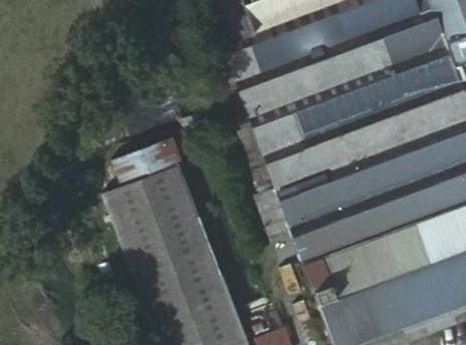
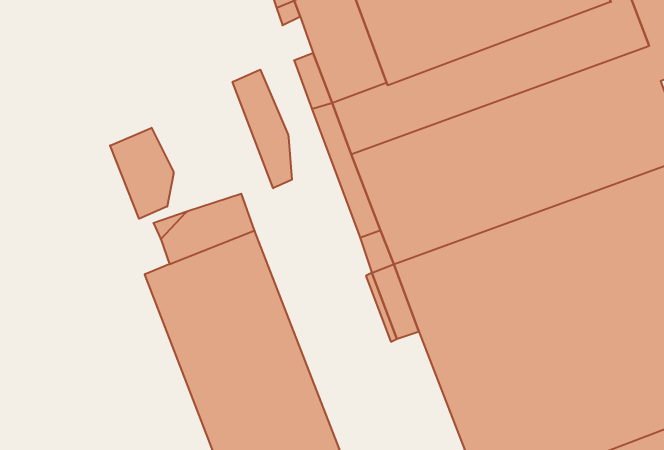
building: none -> [233,70,292,188]
building: none -> [110,128,174,219]

